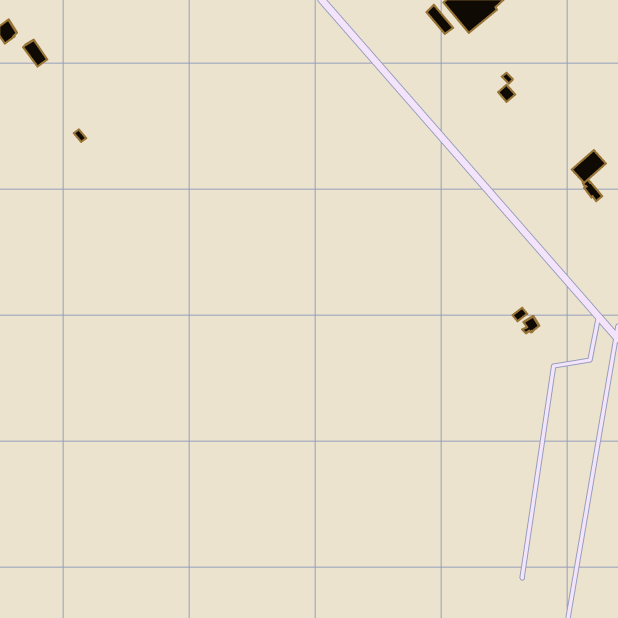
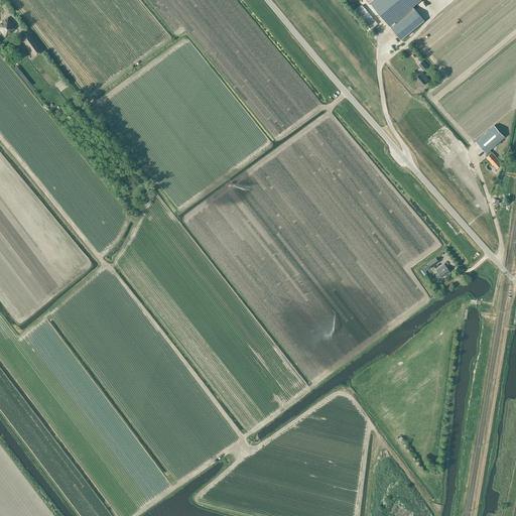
building: none -> [390,7,424,39]

